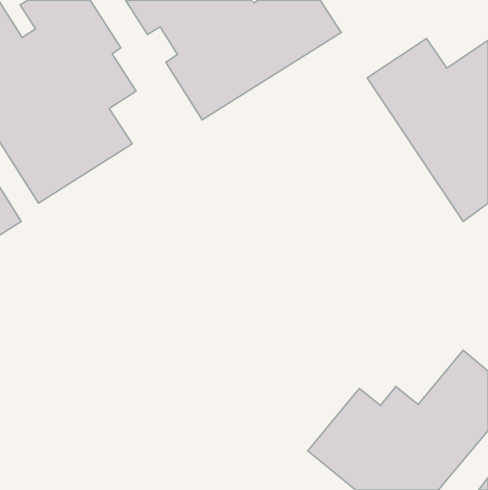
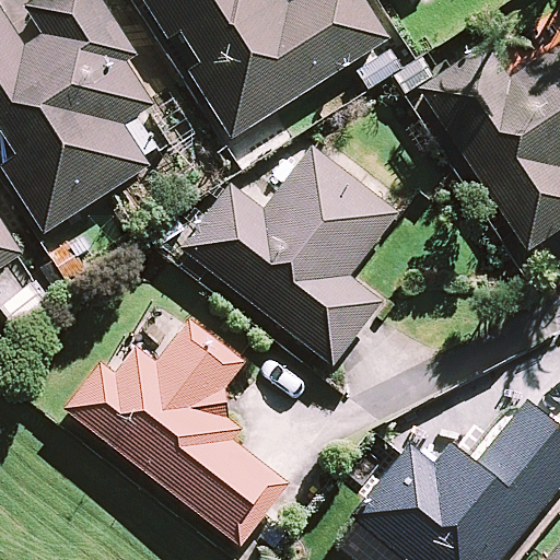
building: none -> [179,145,399,366]
building: none -> [65,318,290,545]

